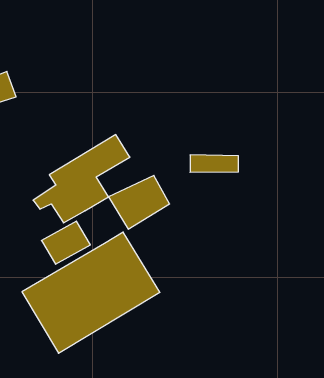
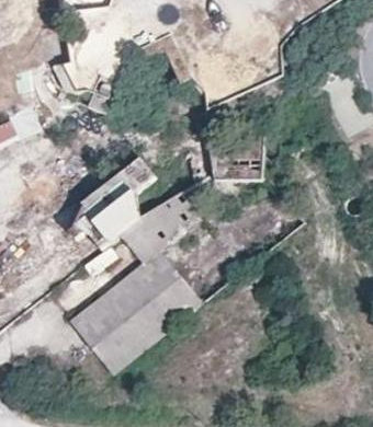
building: none -> [120,216,163,261]

